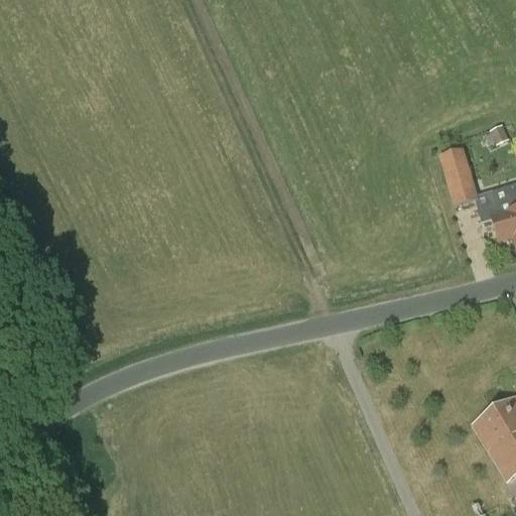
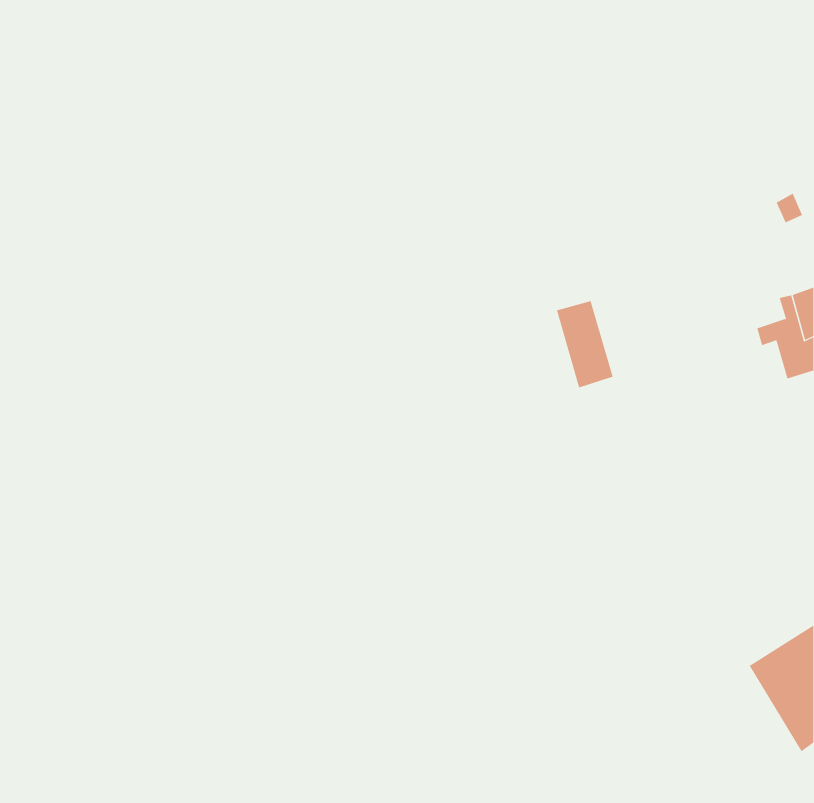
building: [439,149,476,205] -> [556,301,613,388]

